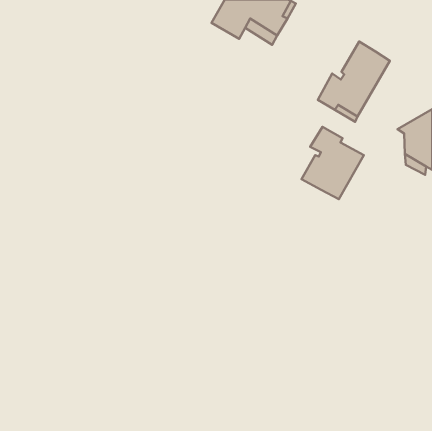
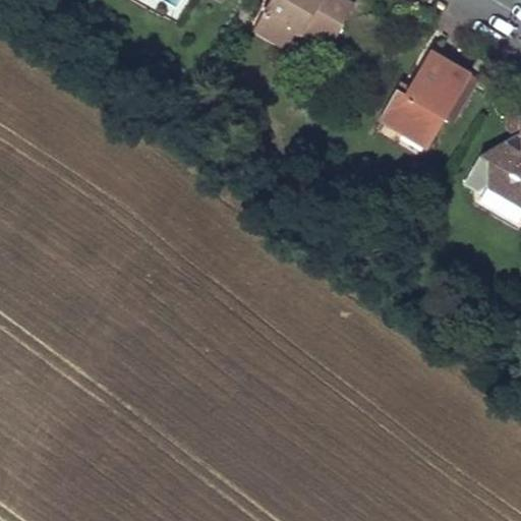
building: [301,127,364,199] -> none

